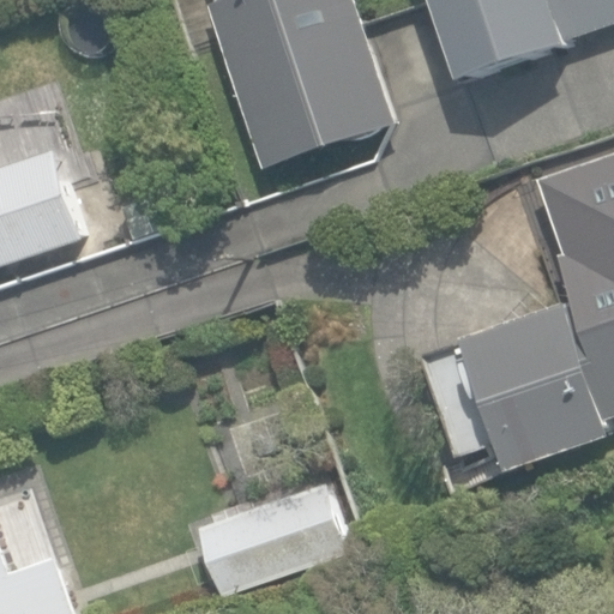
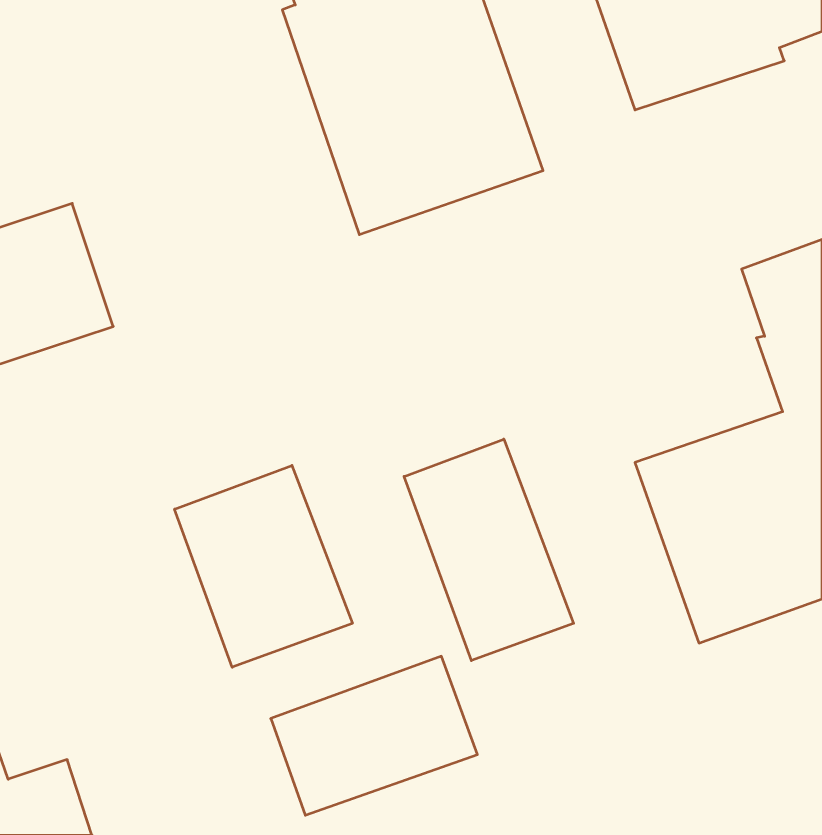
building: none -> [404,439,574,661]
building: none -> [175,465,352,667]

